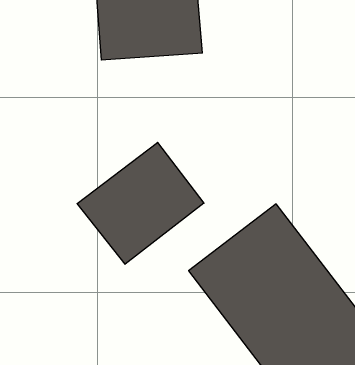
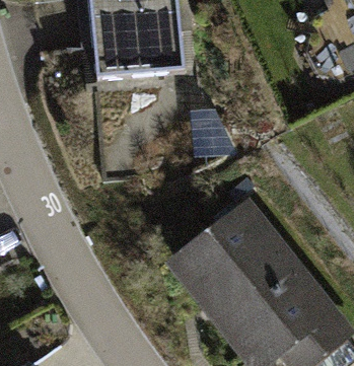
building: [77,142,204,264] -> none

